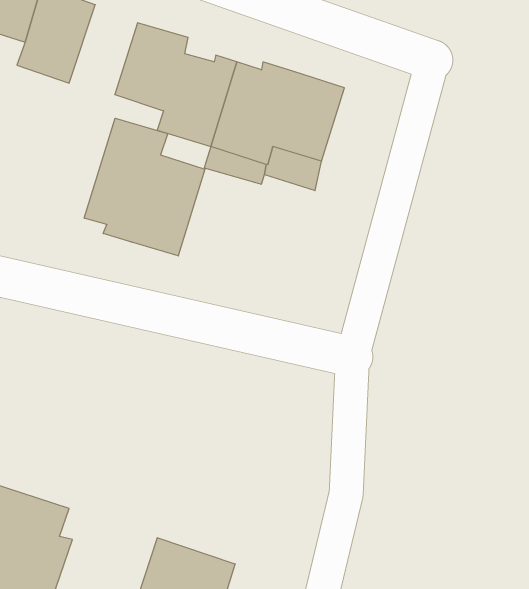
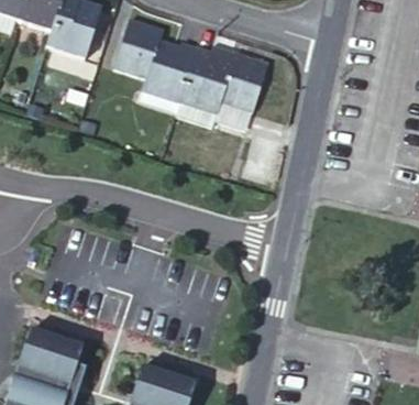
building: [84,118,205,256] -> none

